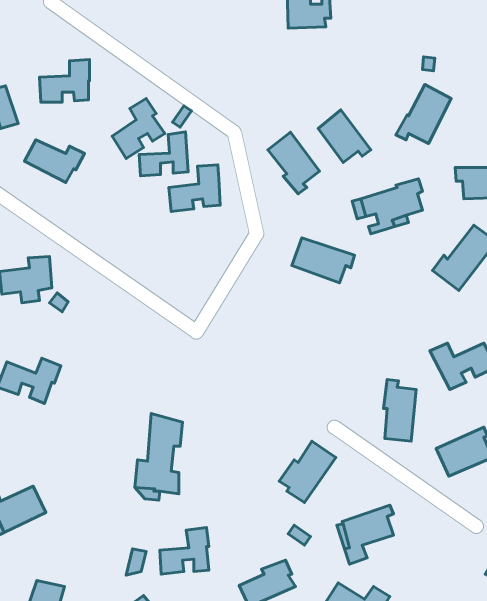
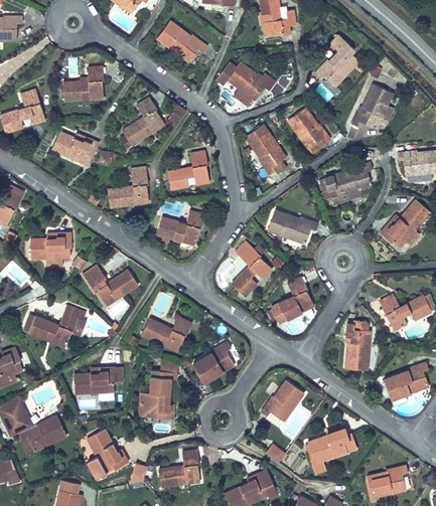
building: none -> [157,26,208,67]
building: none -> [314,36,359,89]
building: none -> [217,63,273,107]
building: [139,132,188,176] -> [109,172,148,207]
building: none -> [155,210,203,245]
building: none -> [230,243,270,300]
building: none -> [84,263,140,305]
building: none -> [266,281,314,327]
building: none -> [142,317,193,352]
building: none -> [195,335,238,379]
building: none -> [77,362,117,390]
building: none -> [88,427,131,477]
building: none -> [365,464,408,495]

